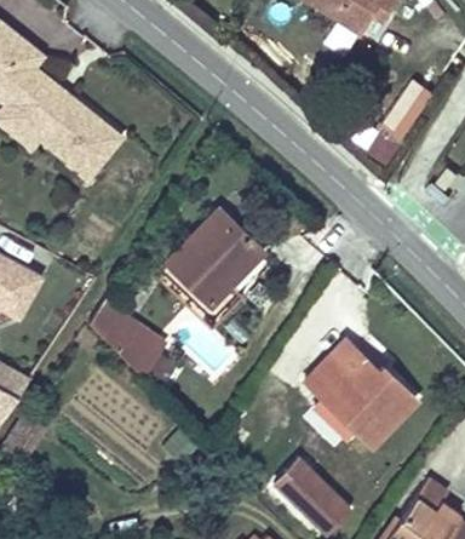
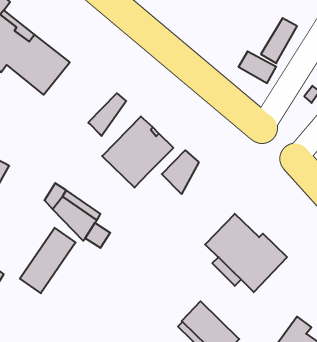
building: none -> [88,93,126,136]
building: none -> [162,150,199,194]
building: none -> [20,228,76,293]

